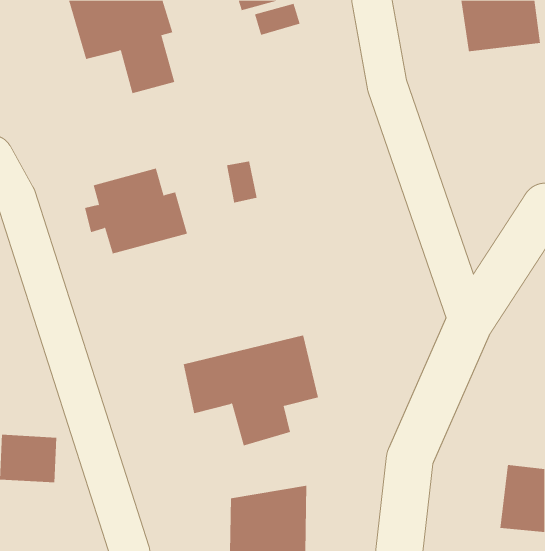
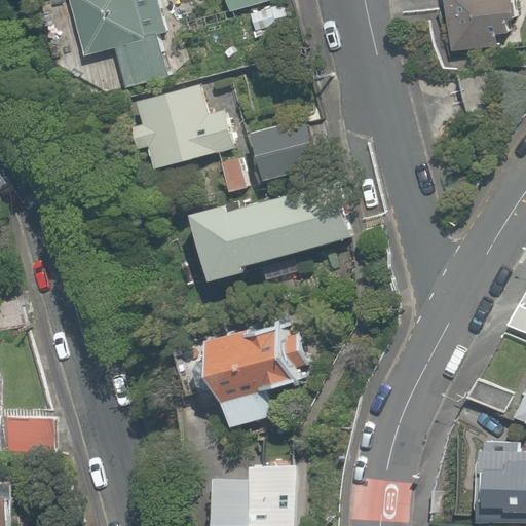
building: none -> [256,119,315,175]
building: [84,168,188,254] -> [132,87,230,170]
building: none -> [194,181,350,276]

